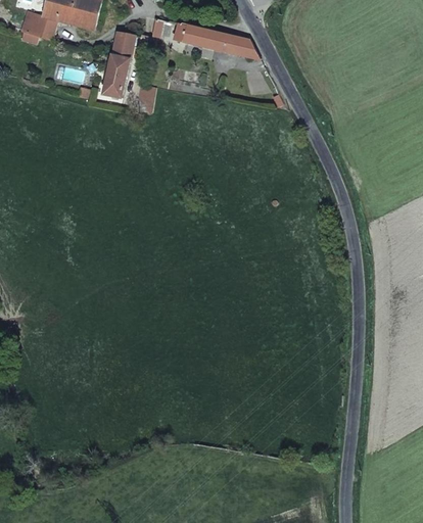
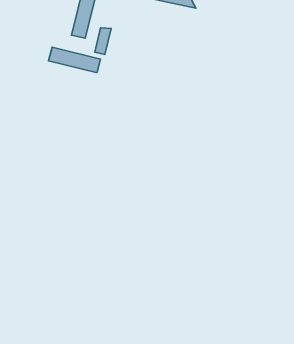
building: none -> [49,47,100,72]

